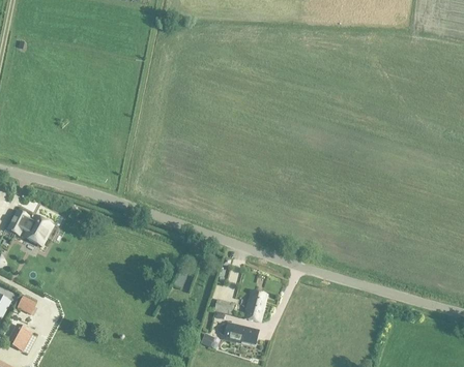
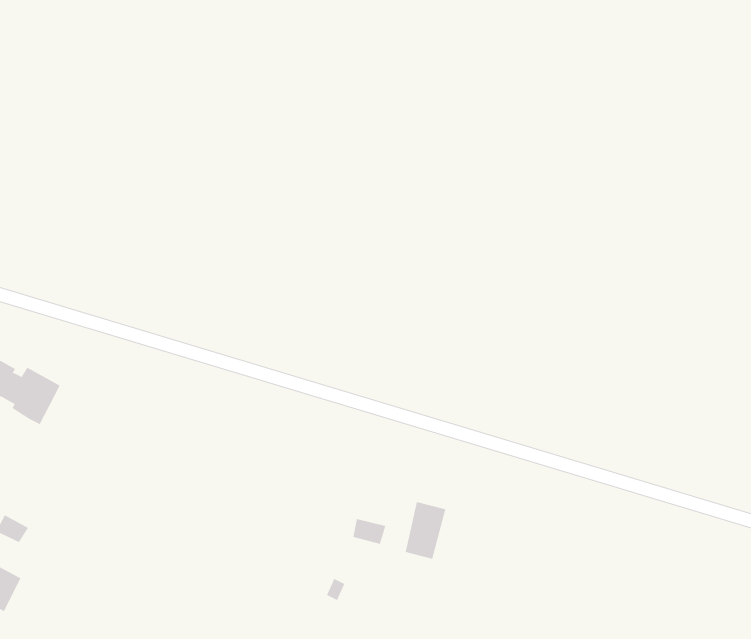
building: [224,322,258,343] -> none

